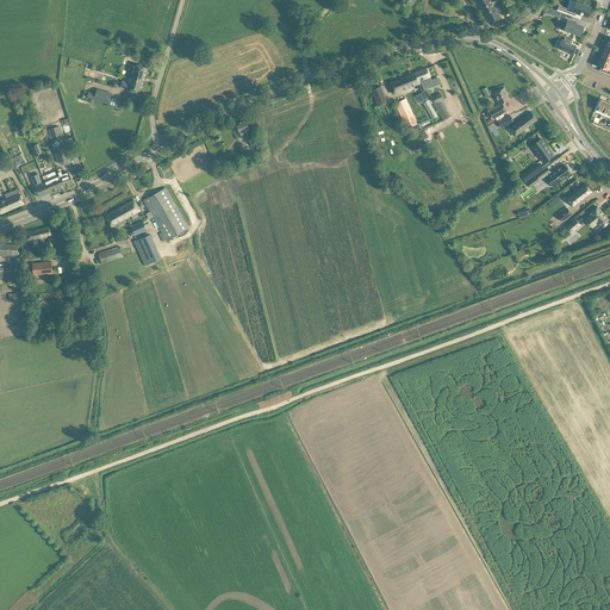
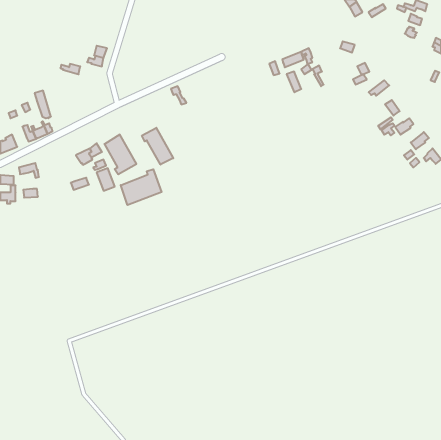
building: none -> [142,128,173,165]
building: none -> [121,169,162,205]

